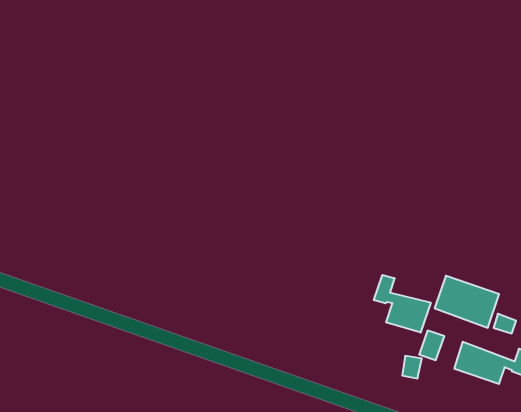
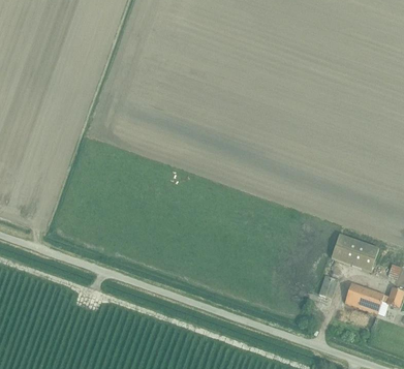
building: [374,275,431,333] -> none

